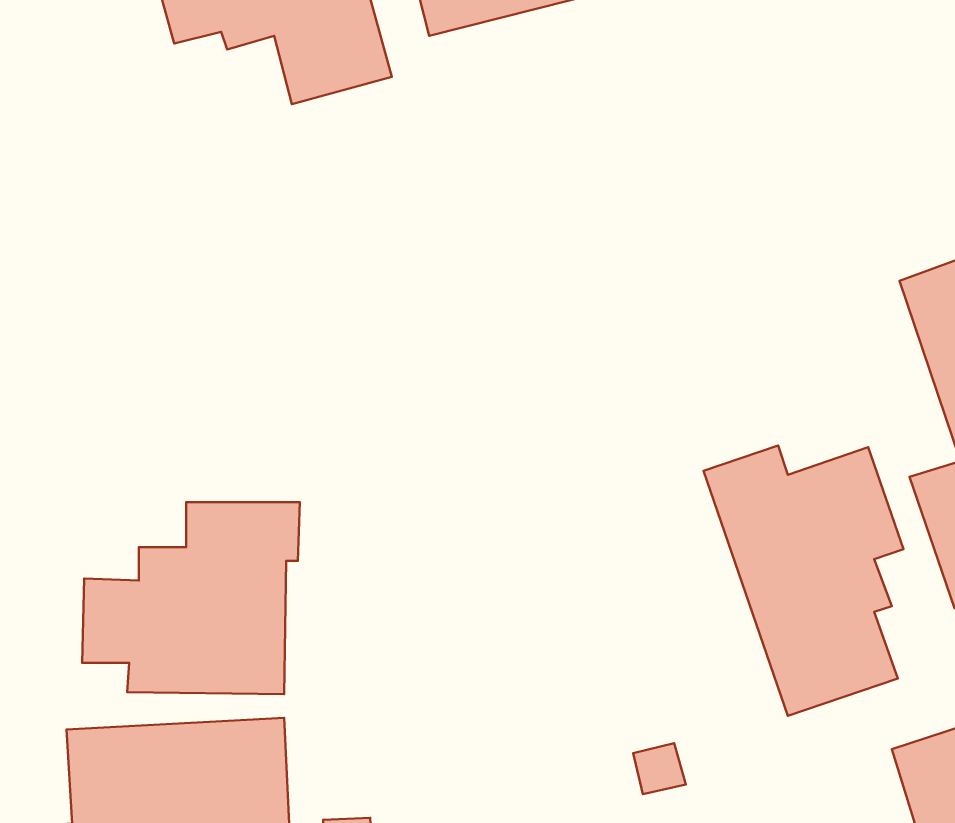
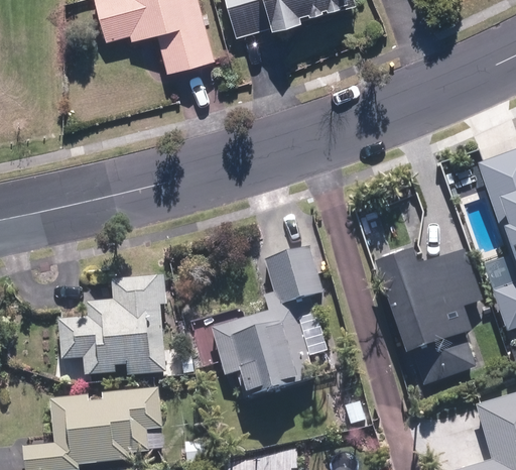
building: none -> [210,244,322,397]

